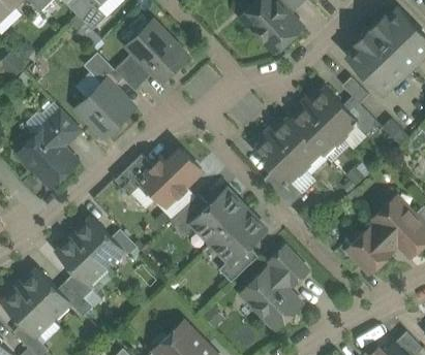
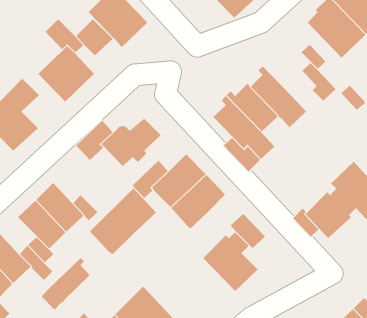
building: [304,87,358,136] -> none
building: none -> [89,187,157,255]
building: [219,247,257,282] -> none
building: none -> [41,257,90,310]

